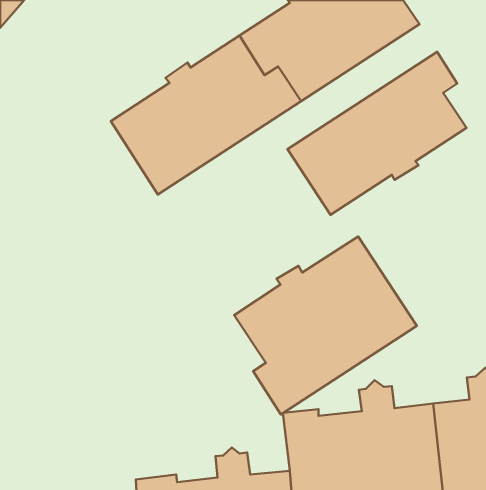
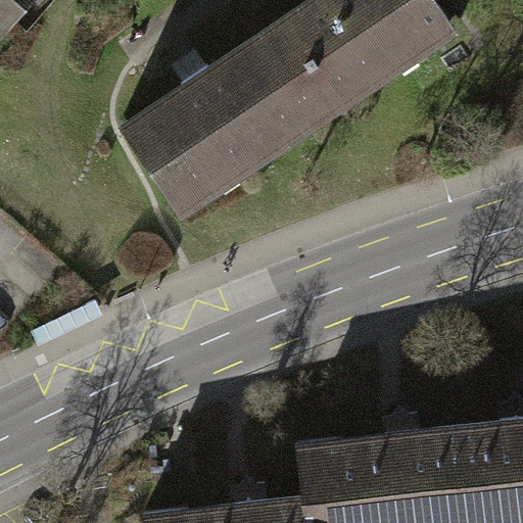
building: [287,52,467,215] -> none
building: [234,236,417,414] -> none

